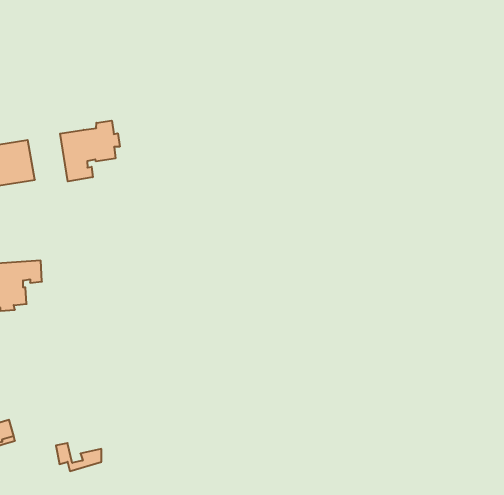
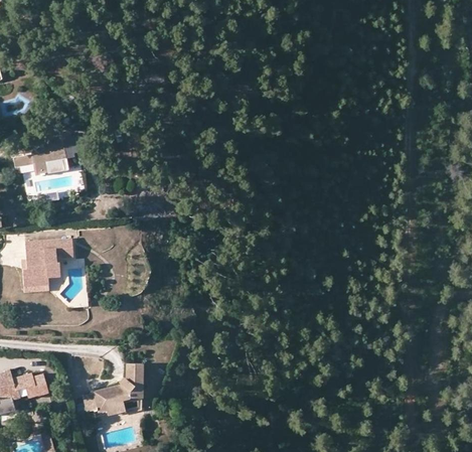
building: [60,121,120,181] -> none
building: none -> [95,365,144,413]

